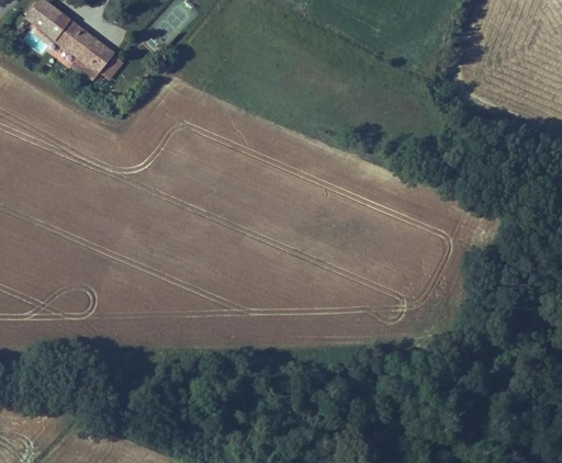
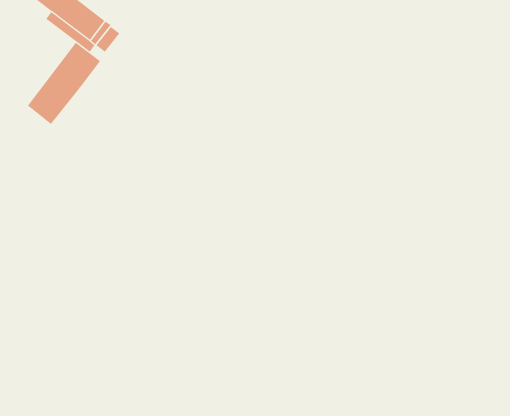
building: none -> [27,42,101,125]

